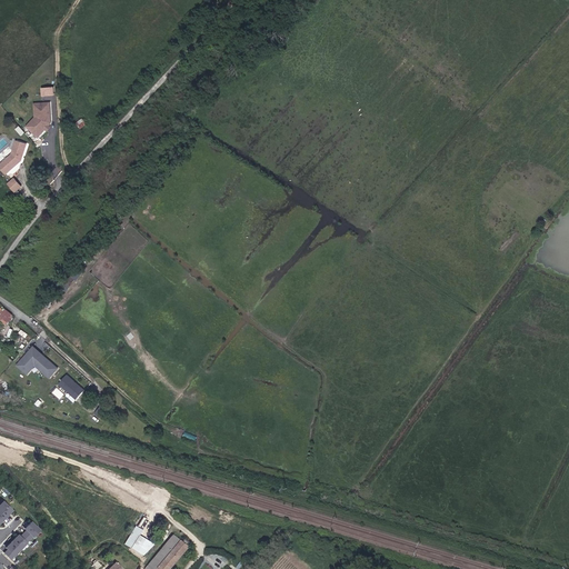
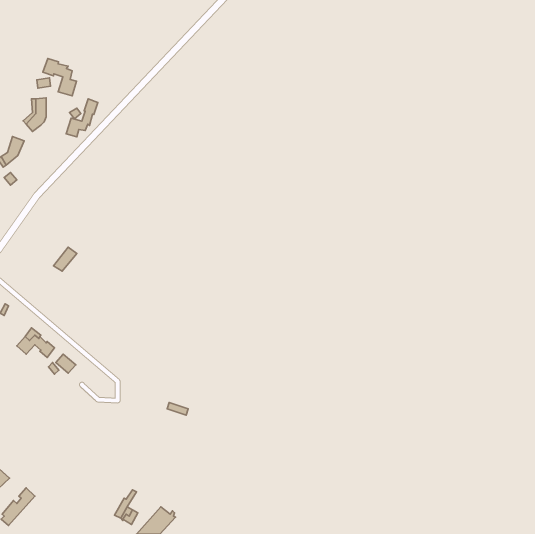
building: none -> [43,59,77,96]
building: none -> [66,99,98,137]

